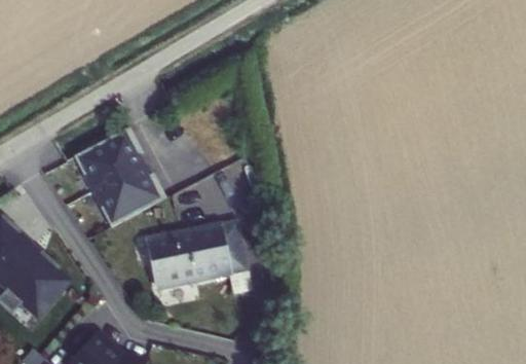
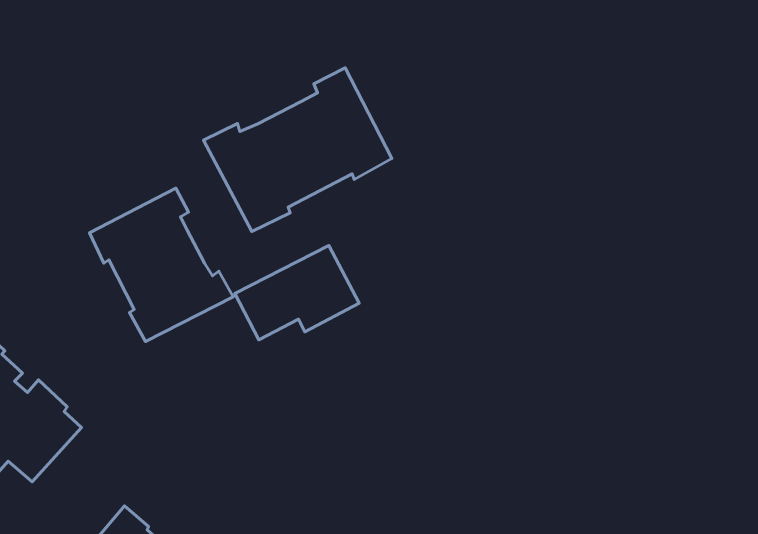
building: none -> [203,68,392,232]
building: [146,223,270,292] -> none

